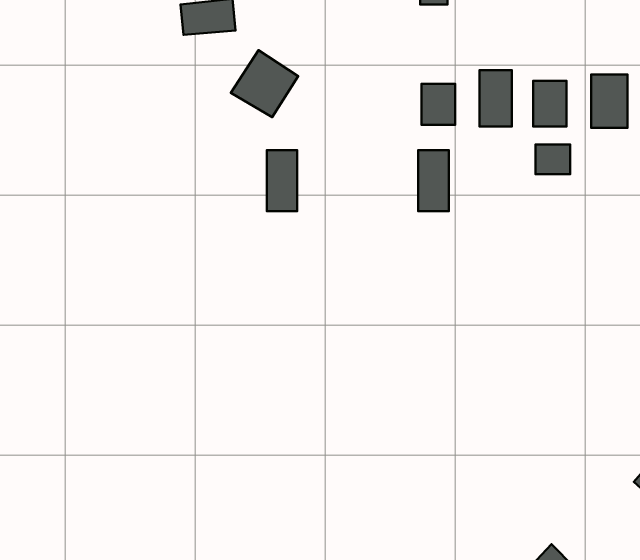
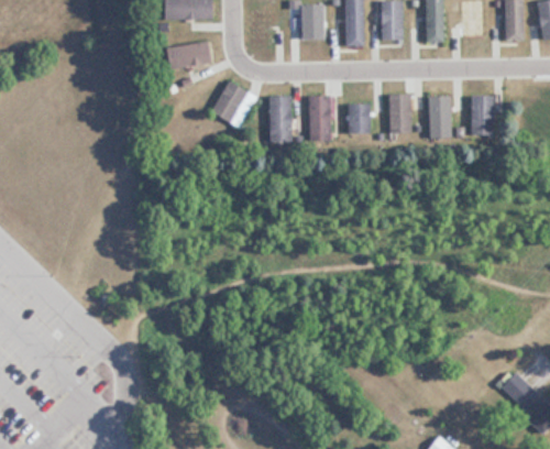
building: [536,144,570,174] -> none
building: [267,150,297,211] -> [270,97,292,141]
building: [418,150,449,211] -> [309,97,331,141]

